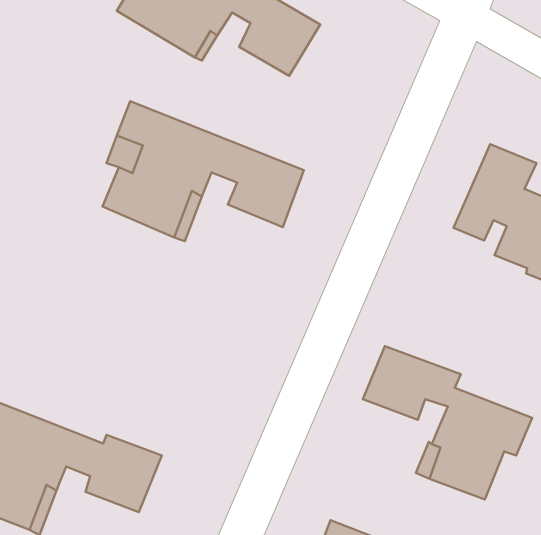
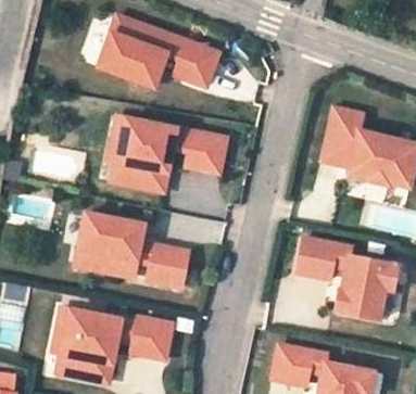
building: none -> [76,212,189,285]

